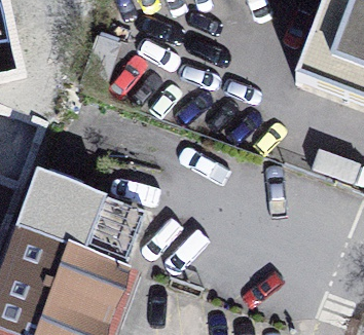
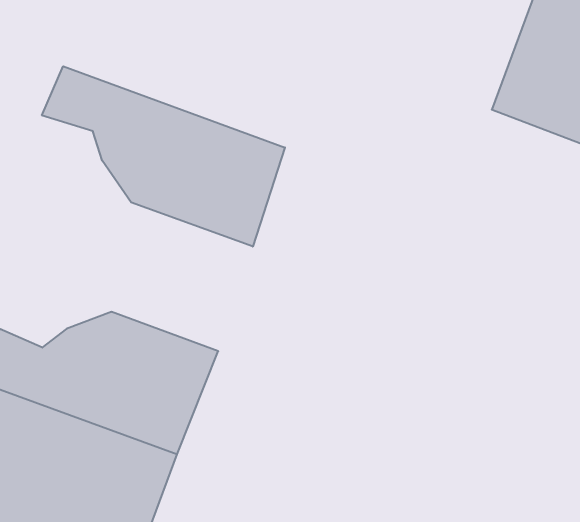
building: none -> [42,66,285,247]

